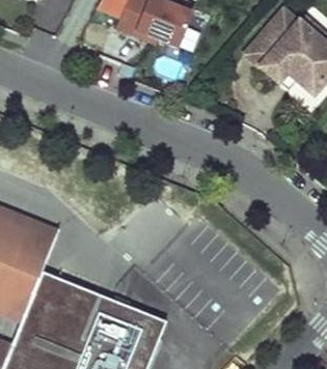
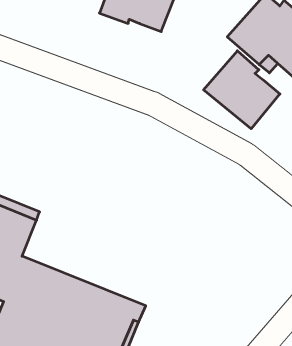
building: none -> [204,51,280,129]

